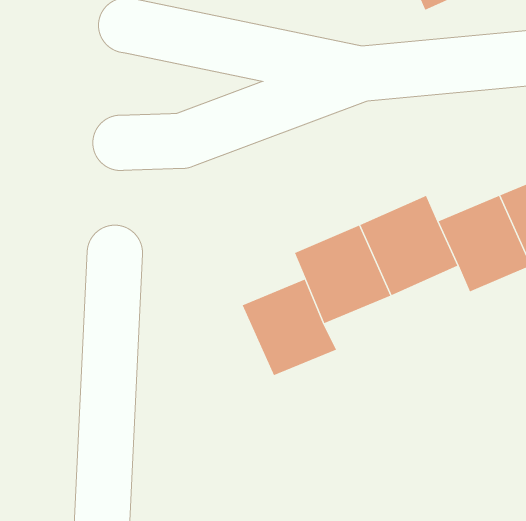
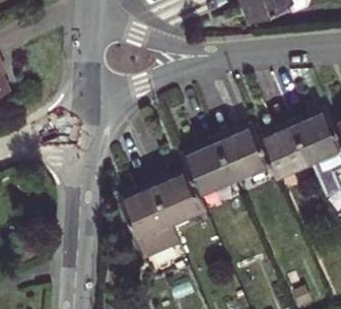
building: none -> [121,184,179,256]

